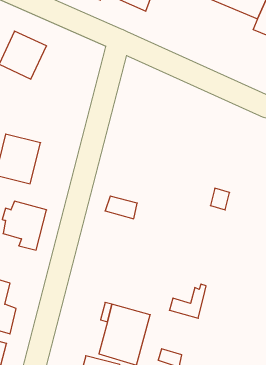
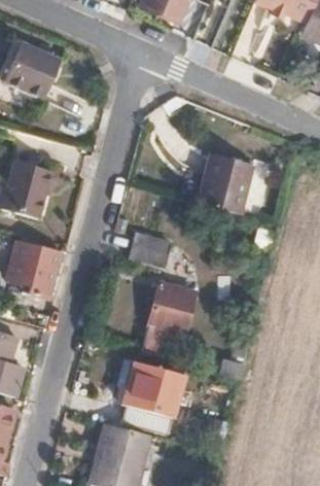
building: none -> [197,159,252,218]
building: none -> [140,281,193,361]

